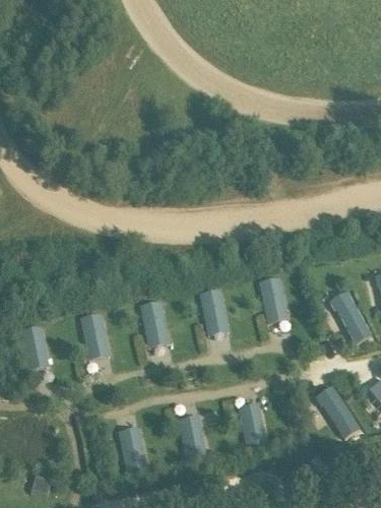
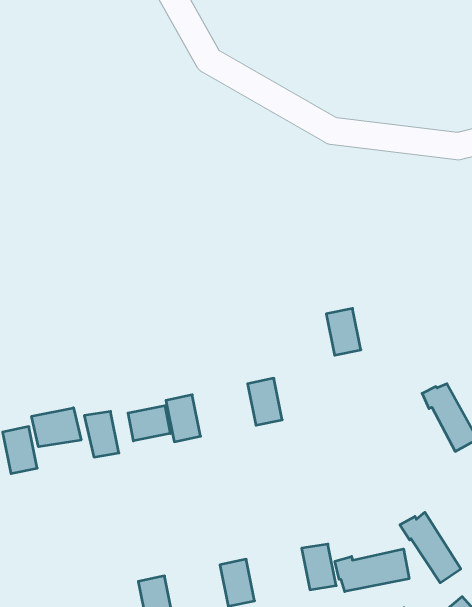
building: [260,277,285,312] -> [326,308,361,355]
building: none -> [128,406,170,441]
building: none -> [32,408,81,447]
building: none -> [335,549,409,592]

